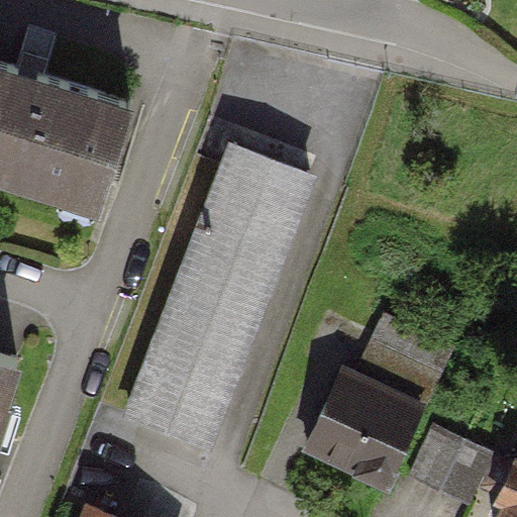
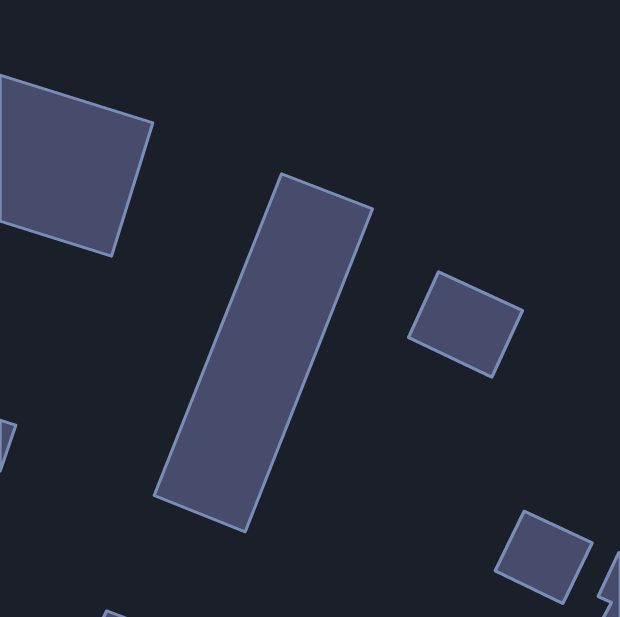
building: none -> [409,272,523,377]
building: [309,319,448,482] -> none

